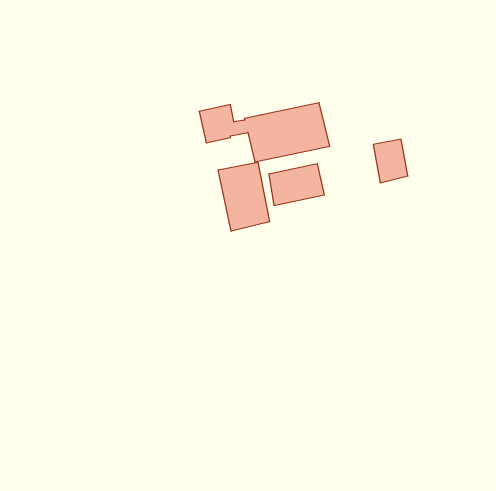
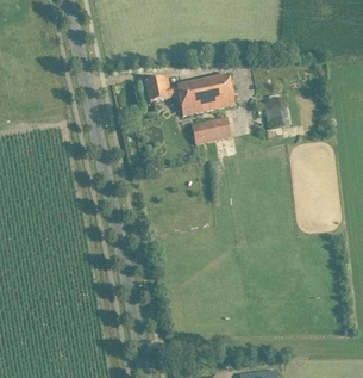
building: [218,162,270,231] -> none

